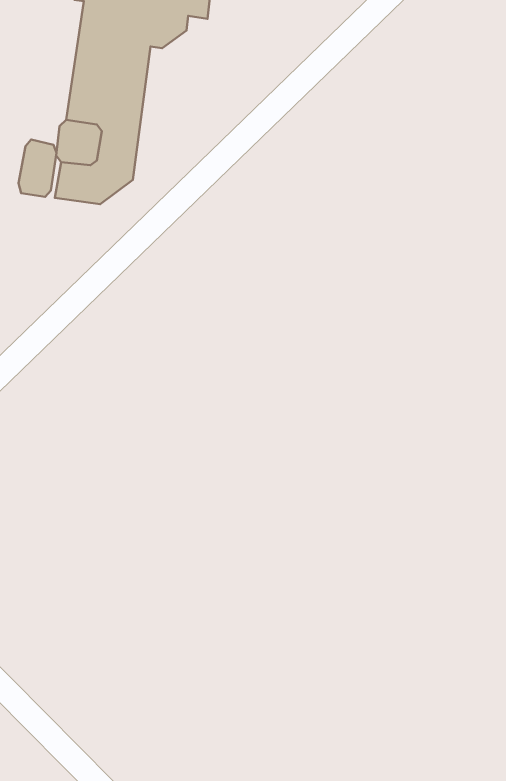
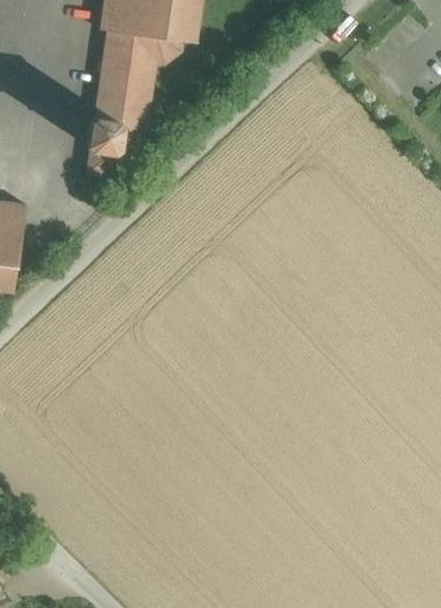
building: [19,140,57,197] -> none

